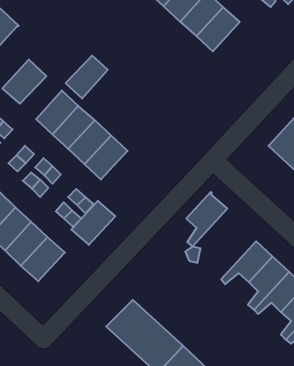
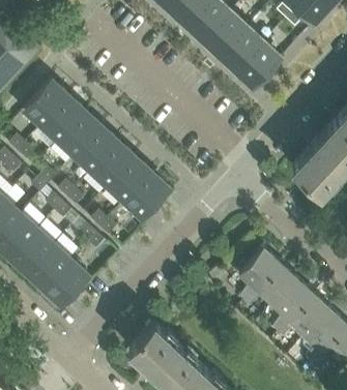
building: none -> [236,42,281,88]
building: [66,56,108,99] -> [41,97,84,141]
building: [186,192,227,246] -> [238,247,280,302]
building: [71,201,115,245] -> [123,173,168,217]

